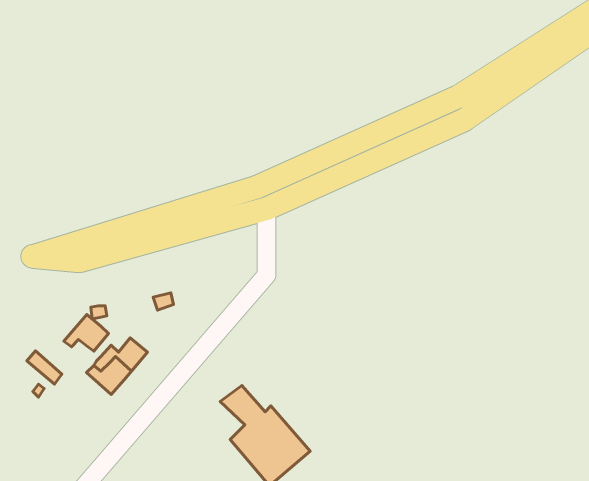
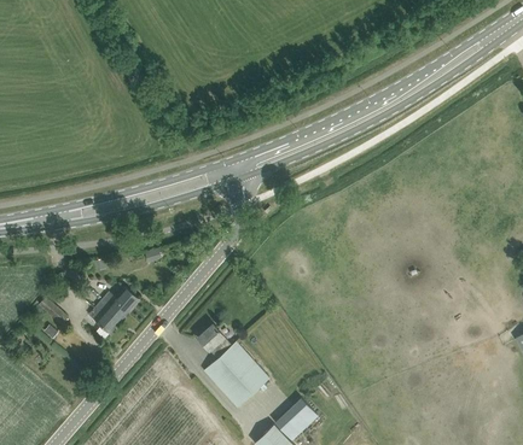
building: [64,314,109,351] -> none

